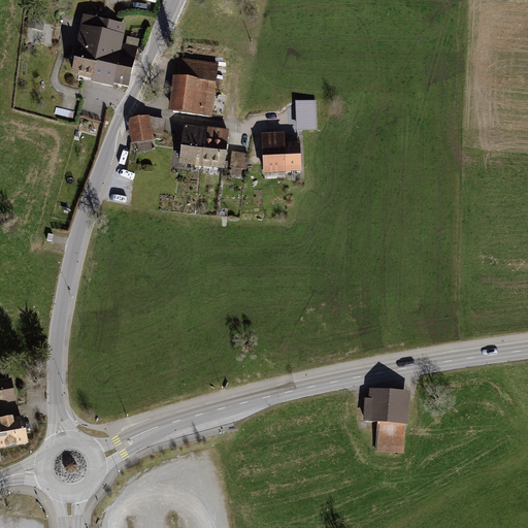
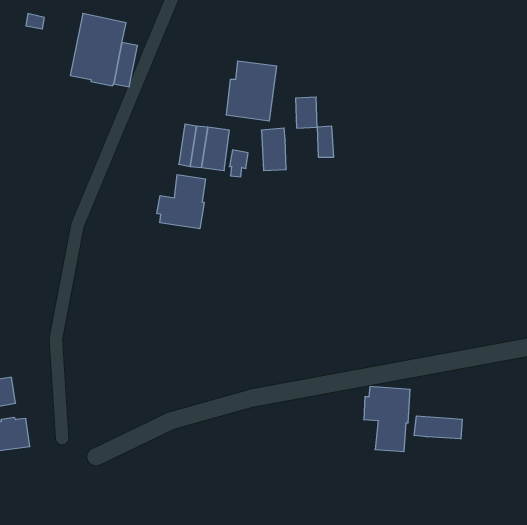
building: [168,57,219,117] -> [226,61,277,121]
building: [127,113,165,151] -> none
building: [285,138,301,169] -> [317,126,334,157]
building: none -> [157,175,206,229]
building: none -> [414,416,462,439]

